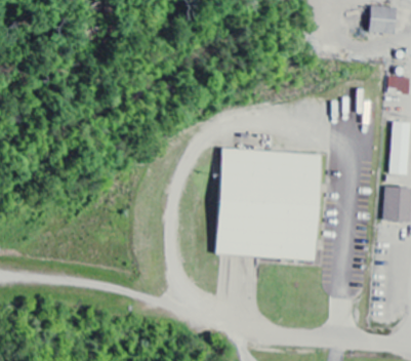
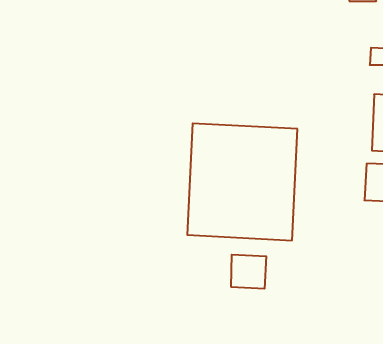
building: none -> [231,255,266,289]

